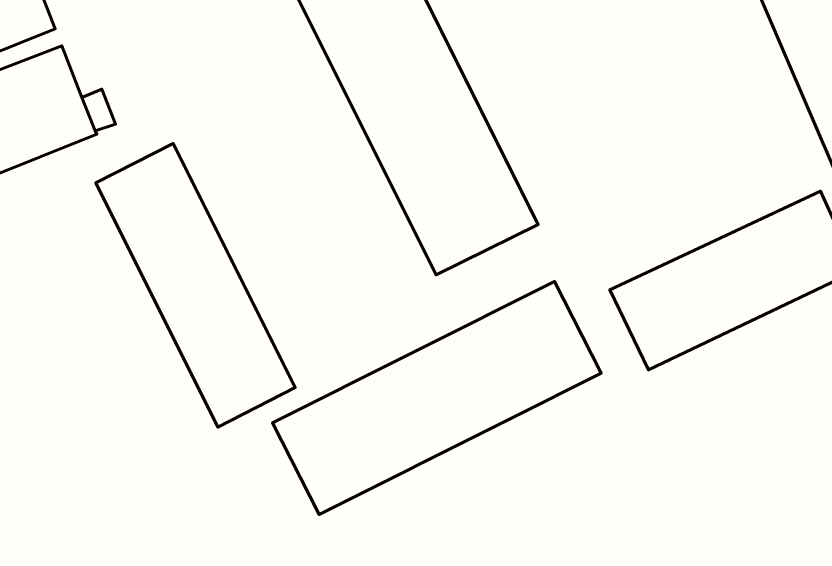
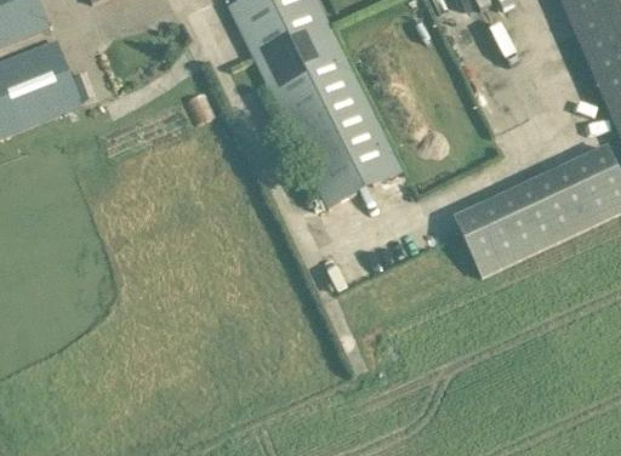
building: [96,143,295,427] -> none
building: [272,282,601,514] -> none

